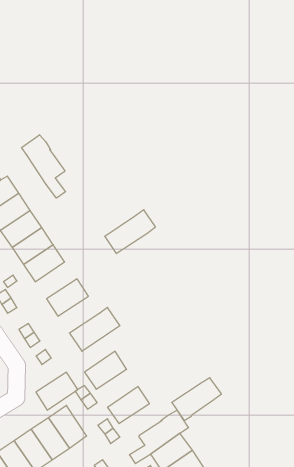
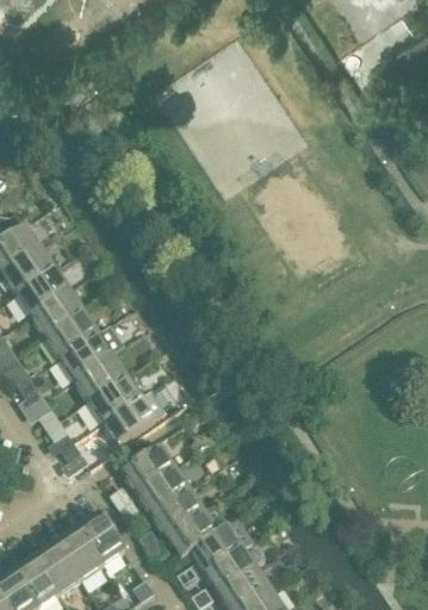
building: [22,135,66,198] -> none
building: [105,210,155,254] -> [60,324,123,379]
building: none -> [88,375,141,422]
building: [36,372,78,410] -> [136,467,188,515]
building: [172,378,221,421] -> [165,504,227,558]

